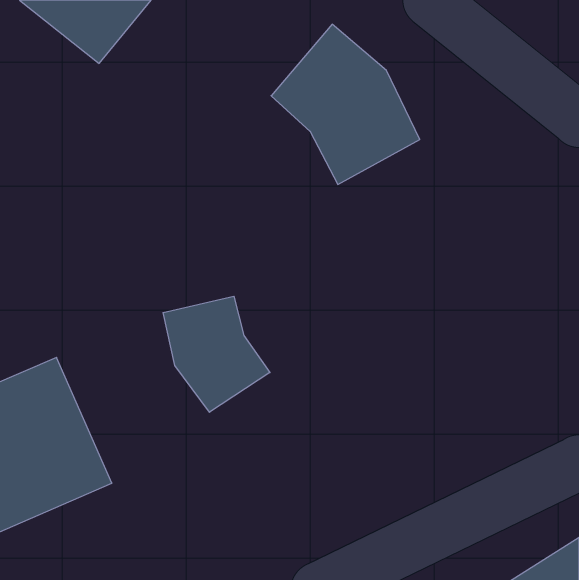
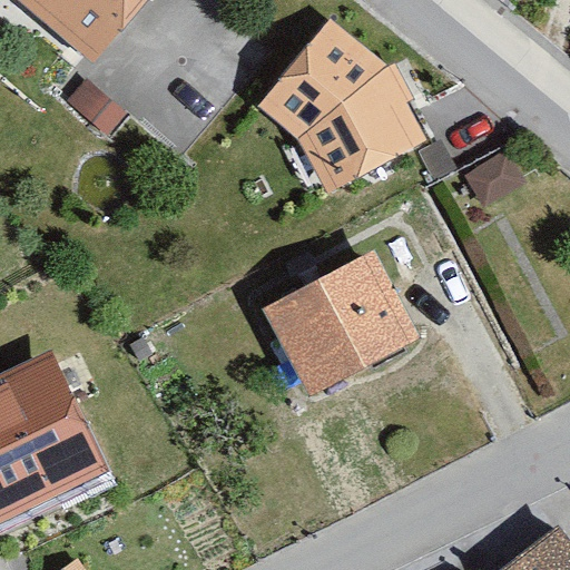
building: none -> [259,240,424,394]
building: [163,296,270,412] -> none

